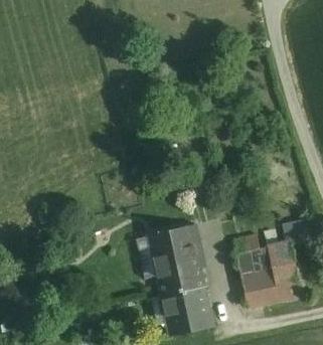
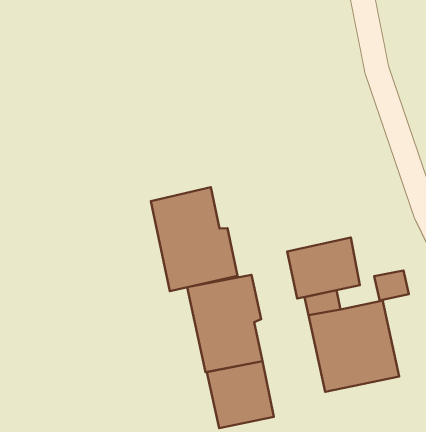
building: none -> [151,187,237,291]
building: none -> [287,238,360,298]

